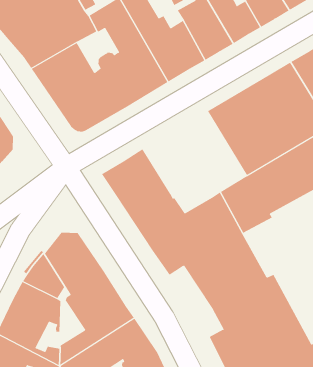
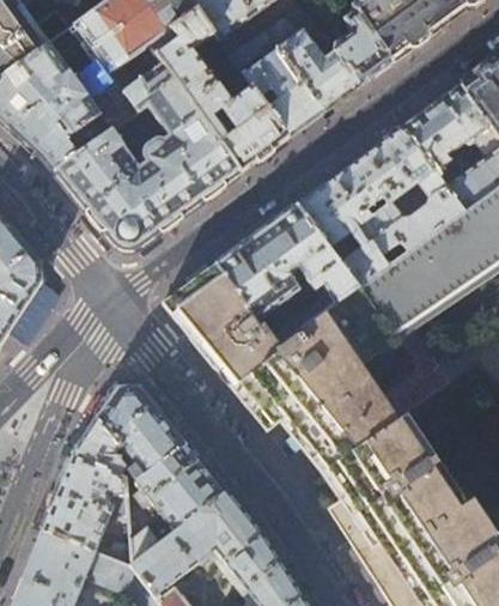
building: none -> [215,202,358,317]

